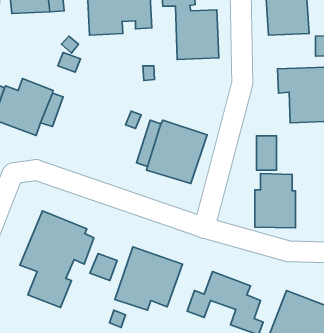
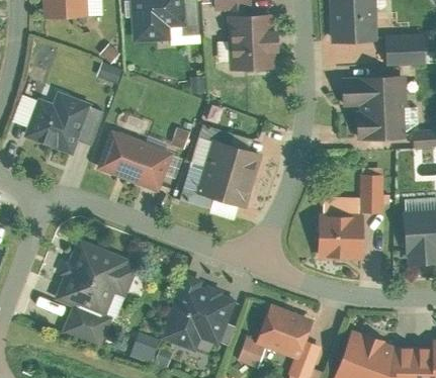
building: none -> [96,129,173,192]
building: [257,136,276,170] -> [360,175,382,213]
building: [90,253,117,281] -> [129,332,160,362]

